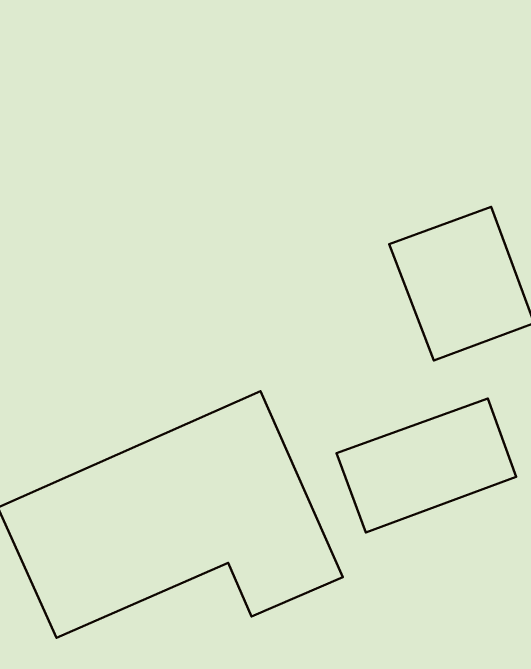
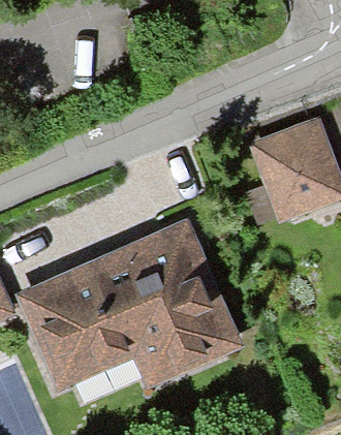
building: [336,399,516,532] -> none

